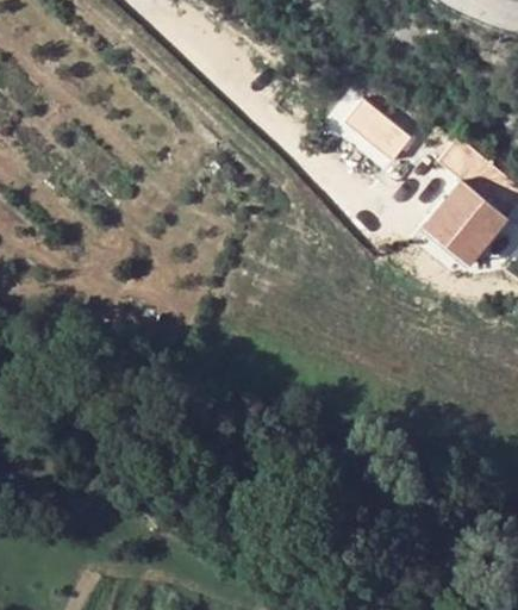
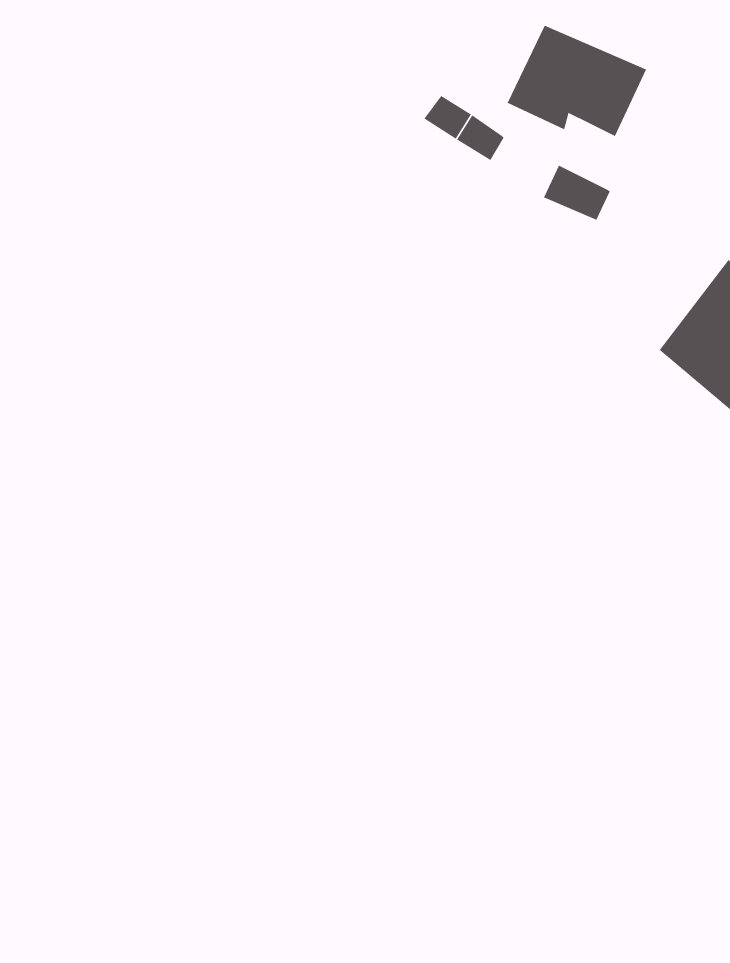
building: none -> [507,25,647,137]

